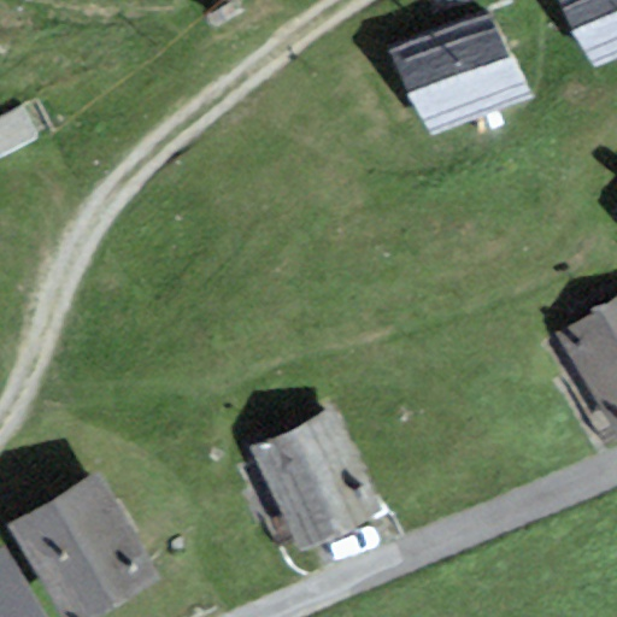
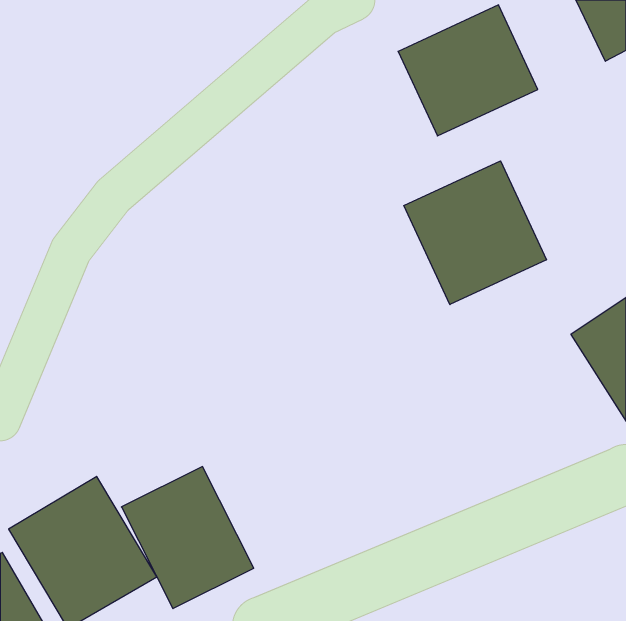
building: none -> [404,161,546,305]
building: [251,407,381,547] -> [121,467,254,609]

